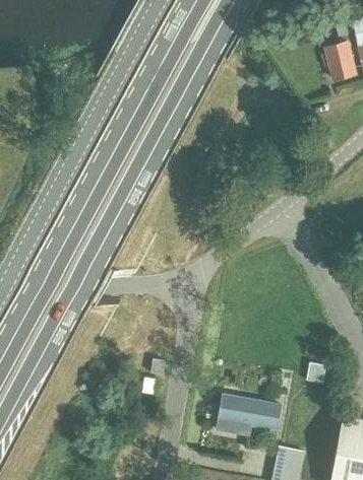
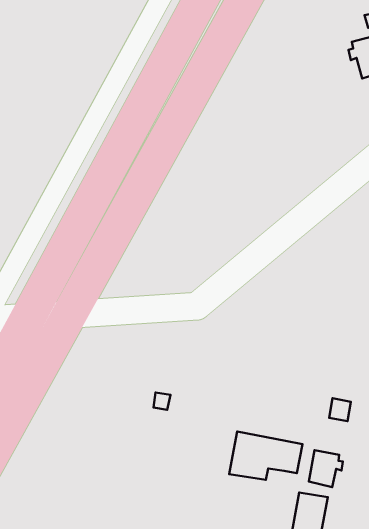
building: none -> [309,450,343,487]

